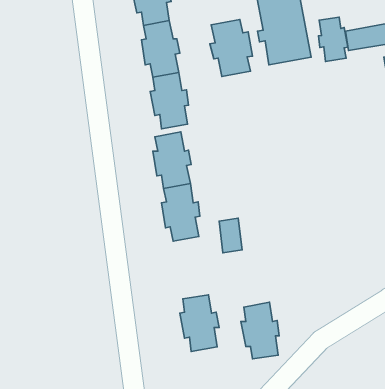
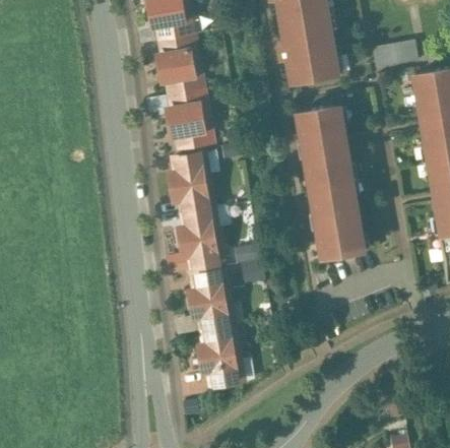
building: [318,17,348,62] -> none
building: [210,20,252,76] -> none
building: none -> [298,106,364,257]
building: [241,302,279,359] -> [189,270,230,330]

